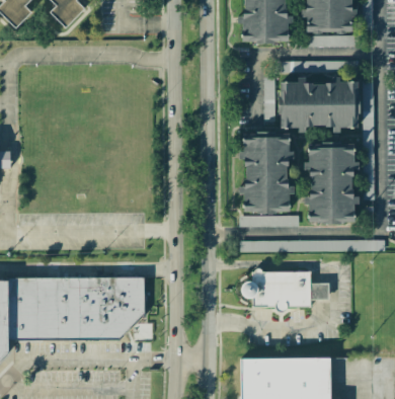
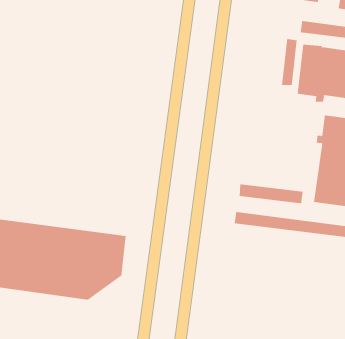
building: [238,136,294,213] -> none
building: [241,270,328,308] -> none

